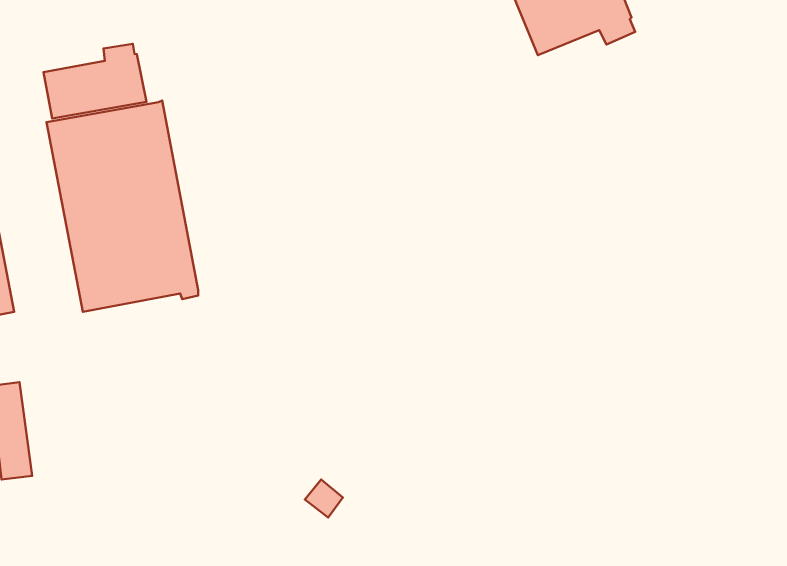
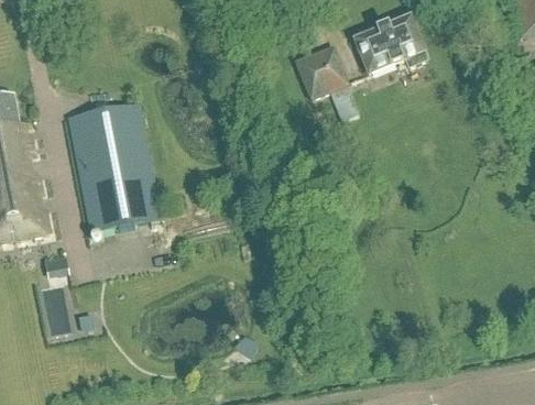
building: none -> [295,45,347,97]
building: [43,44,147,119] -> none

